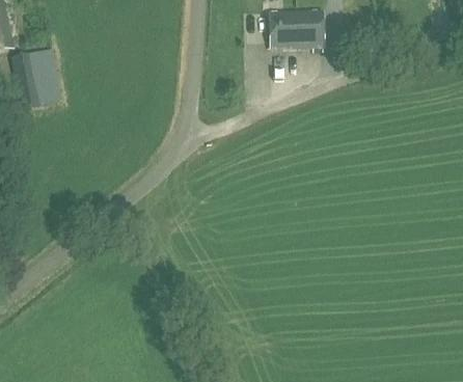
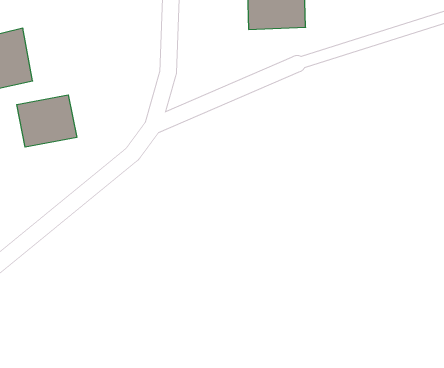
building: none -> [17,95,77,147]

